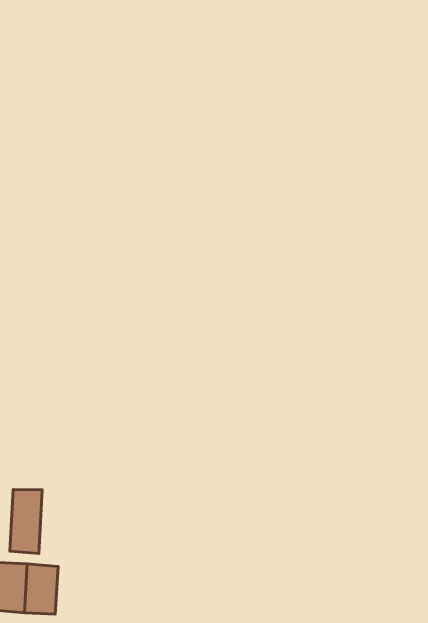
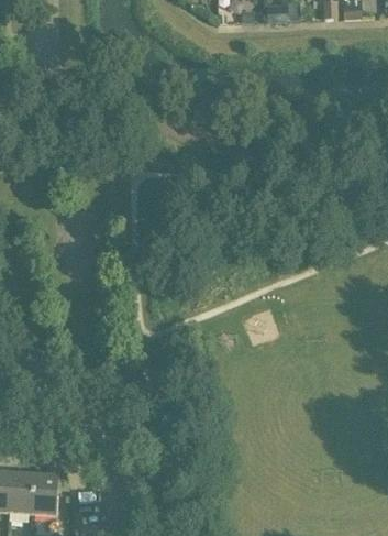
building: [10,490,42,553] -> none

